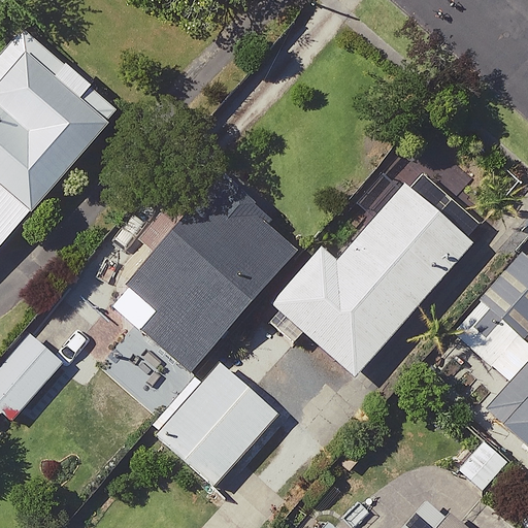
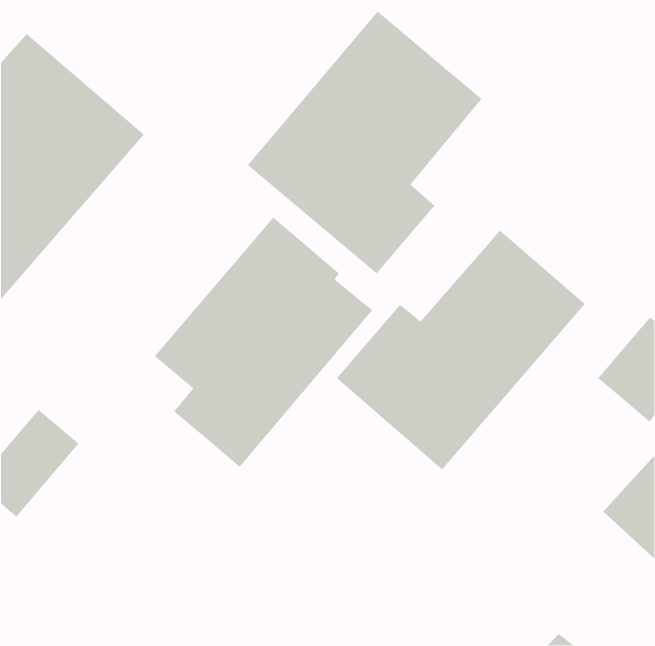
building: none -> [247,11,483,275]
building: [156,358,278,483] -> none

